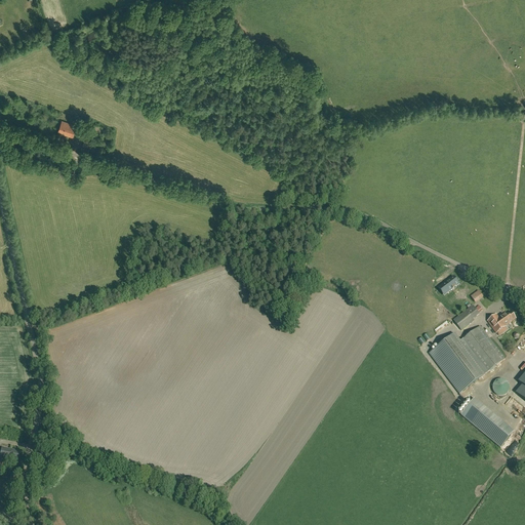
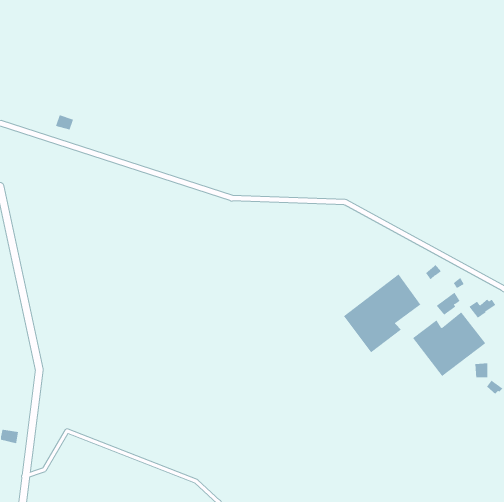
building: none -> [343,274,421,353]
building: [460,397,519,453] -> none

